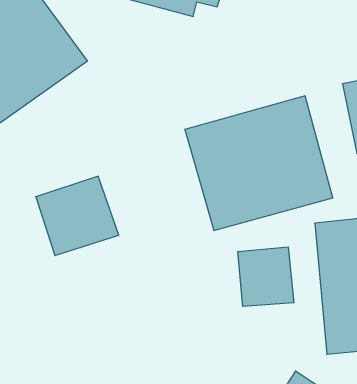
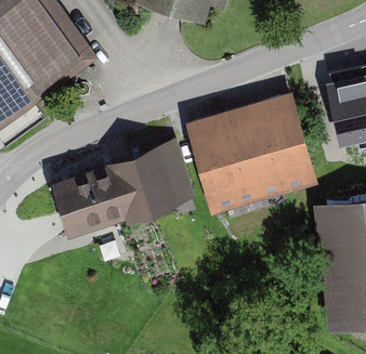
building: none -> [108,141,197,221]
building: [238,247,294,306] -> none

